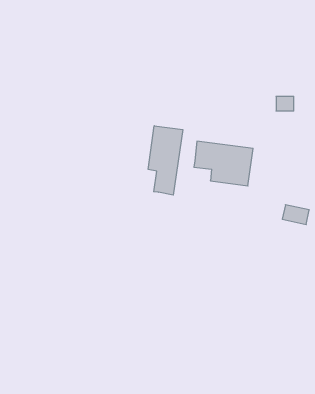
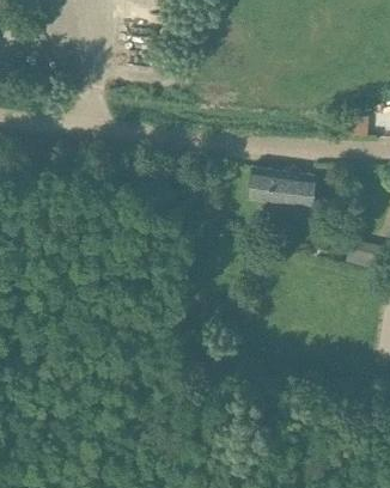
building: [148,126,183,195] -> none

